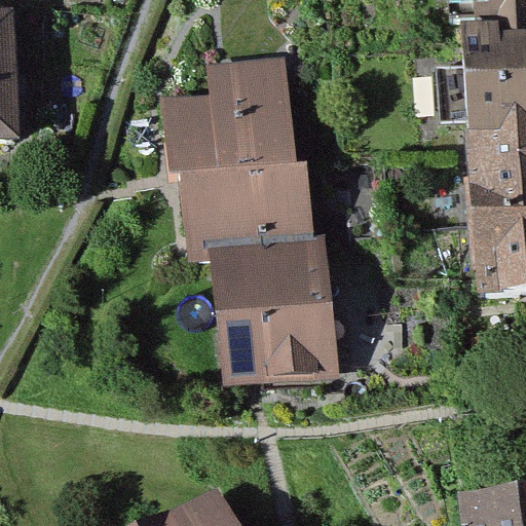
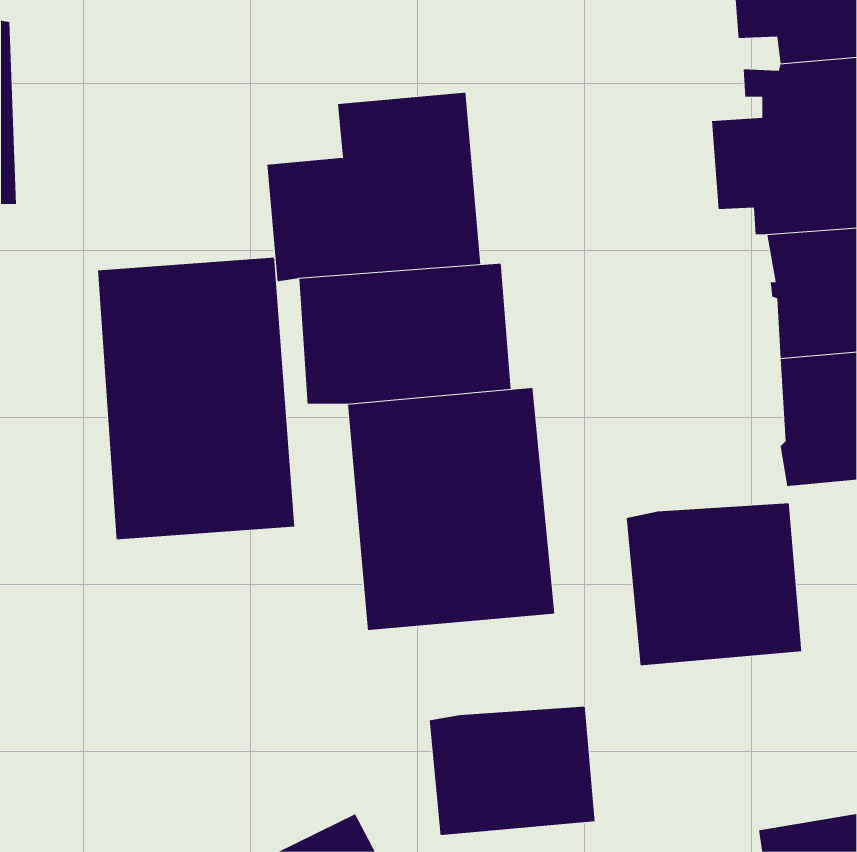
building: none -> [98,257,295,540]
building: none -> [626,503,802,666]
building: none -> [429,706,595,836]

